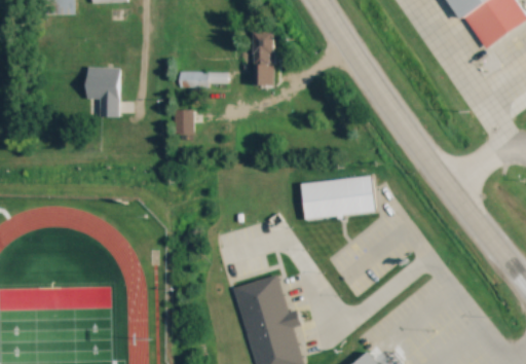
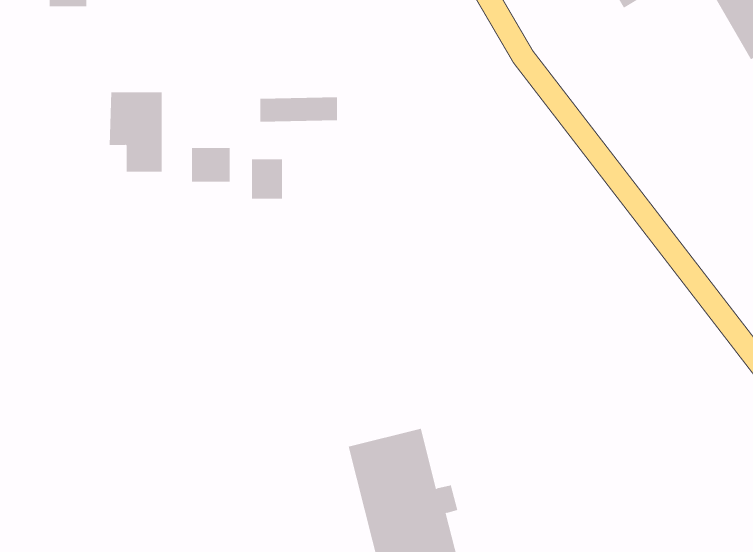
building: [252,32,273,85] -> none
building: none -> [192,147,230,183]
building: [301,177,376,219] -> none

